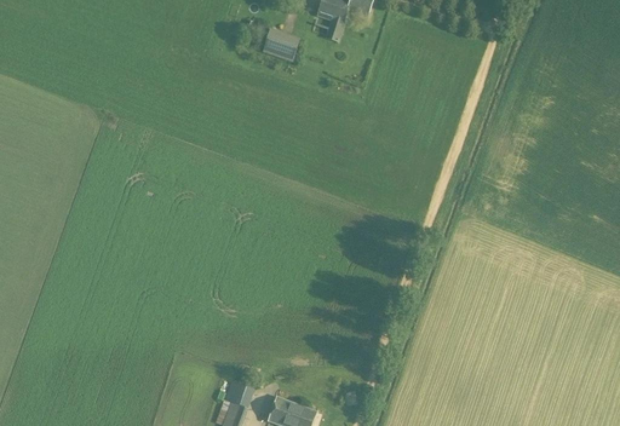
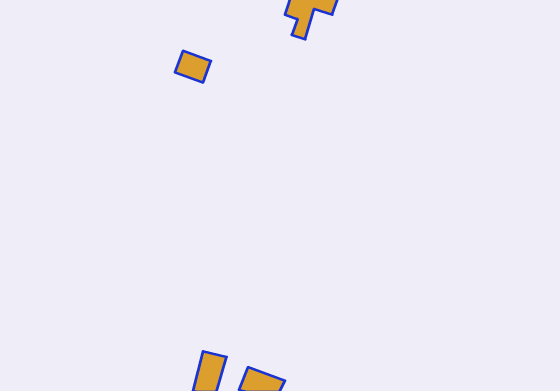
building: [260,28,299,62] -> [175,51,211,82]

